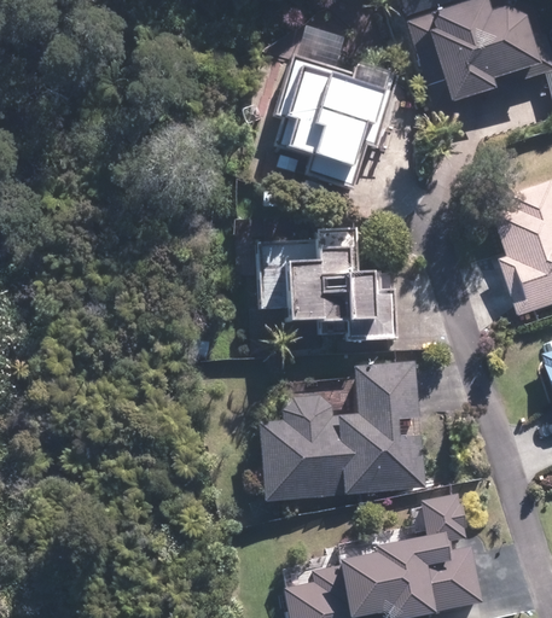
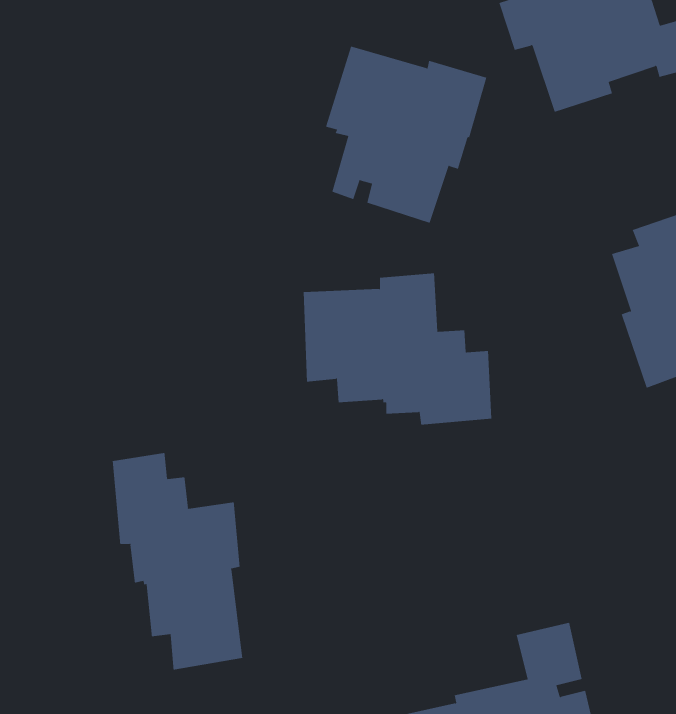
building: [257,360,429,501] -> none
building: none -> [112,452,243,670]

